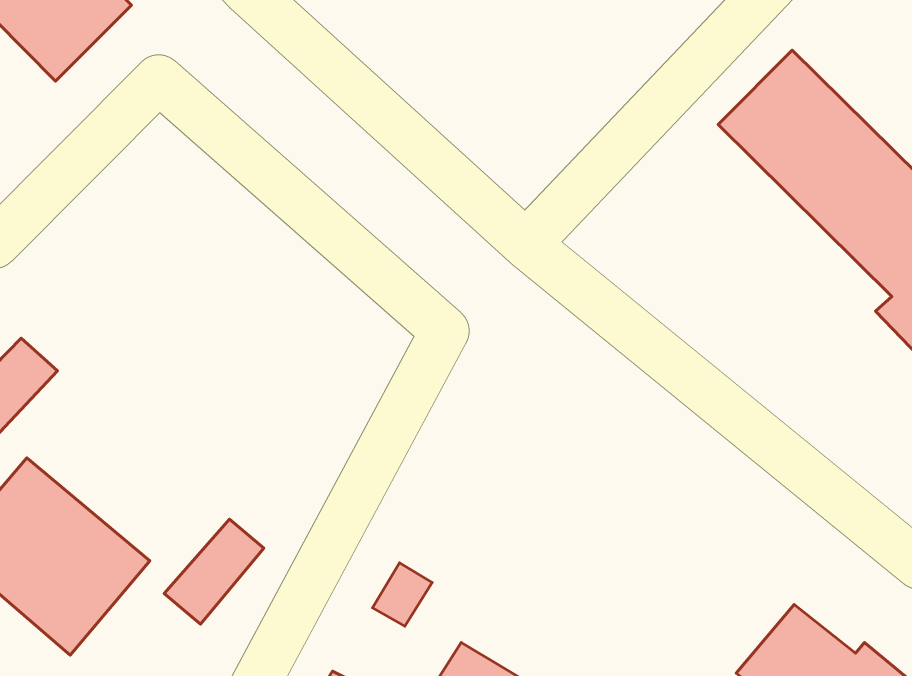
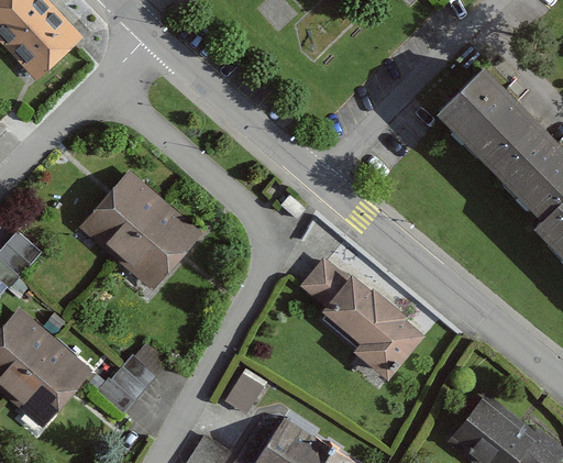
building: none -> [80,175,200,291]
building: none -> [298,257,427,382]

